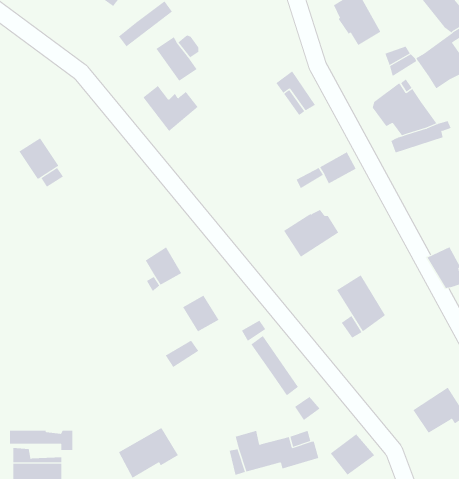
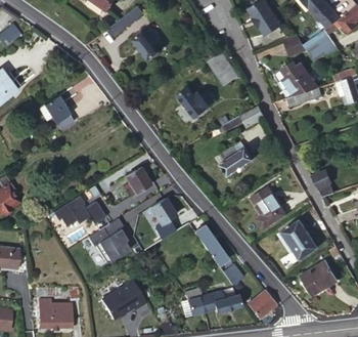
building: [142,85,199,132] -> [177,85,214,116]
building: none -> [52,194,105,227]
building: none -> [277,218,316,259]
building: none -> [88,219,129,263]

